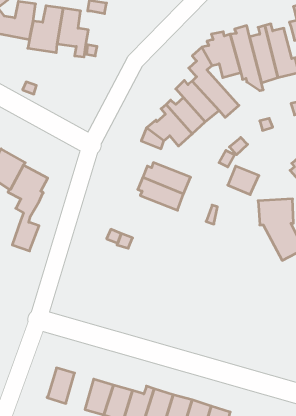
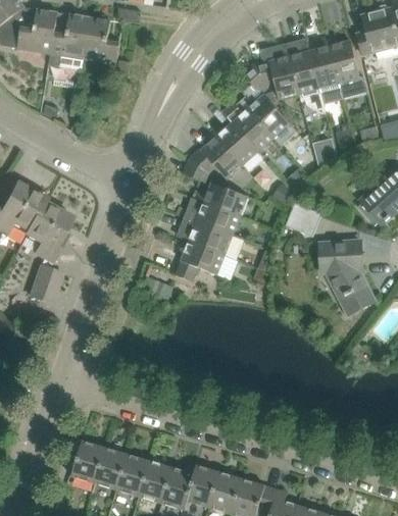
building: none -> [197,183,248,216]
building: none -> [177,238,226,281]
building: none -> [94,447,127,489]

